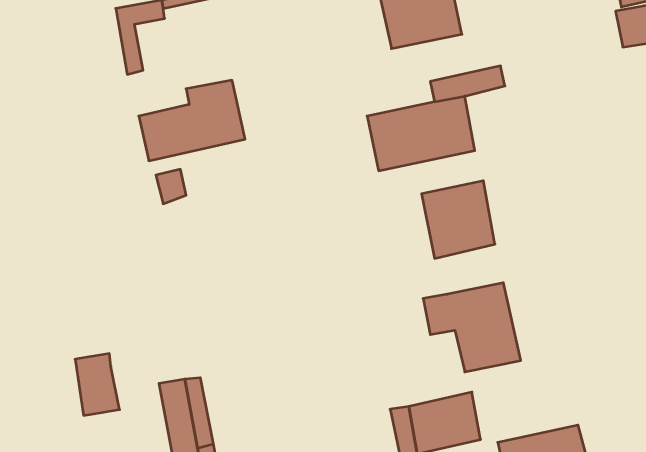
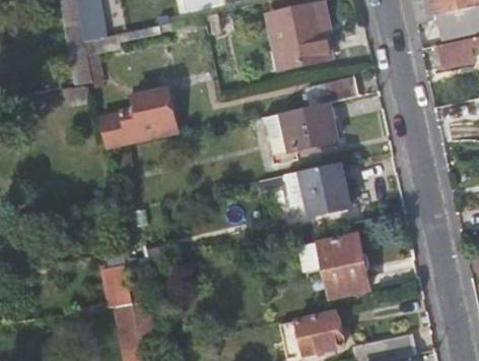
building: [75,354,120,415] -> [101,262,133,306]

